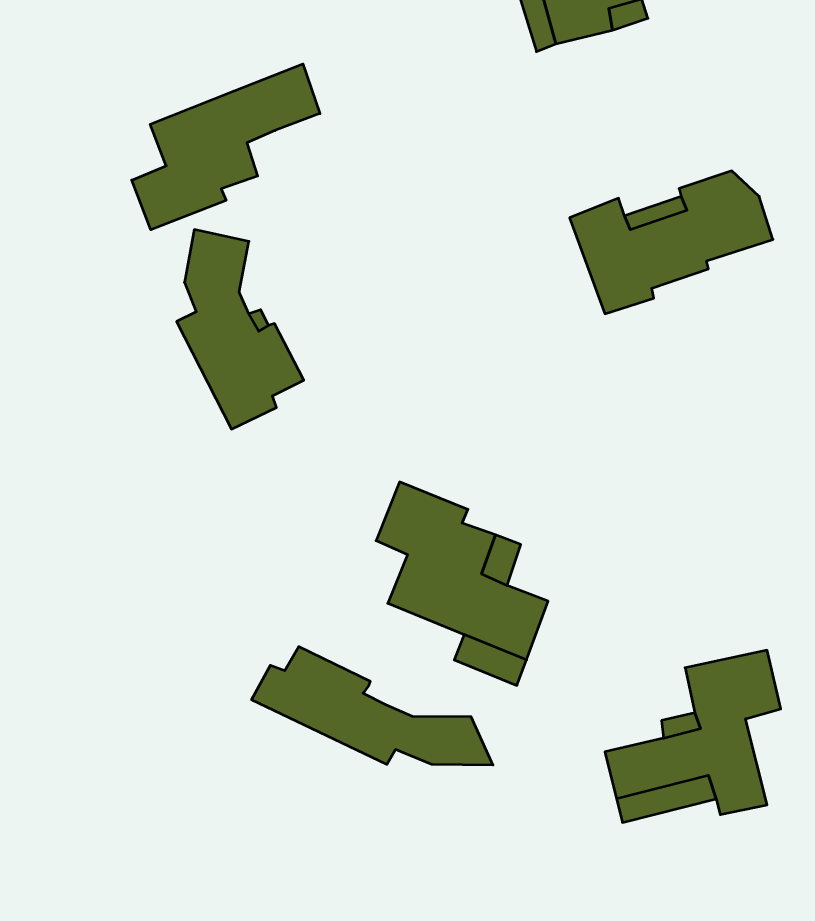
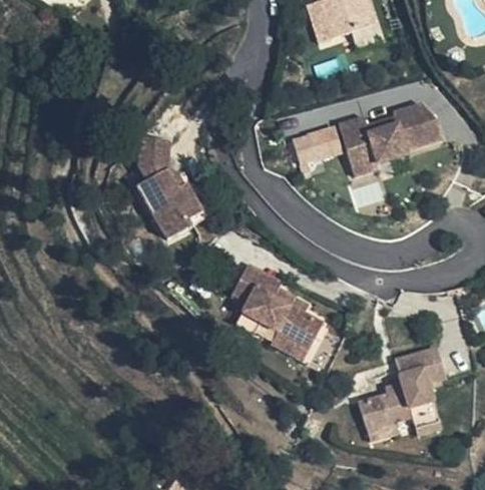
building: [132,64,320,230] -> none
building: none -> [291,126,344,170]
building: [252,647,493,765] -> none

